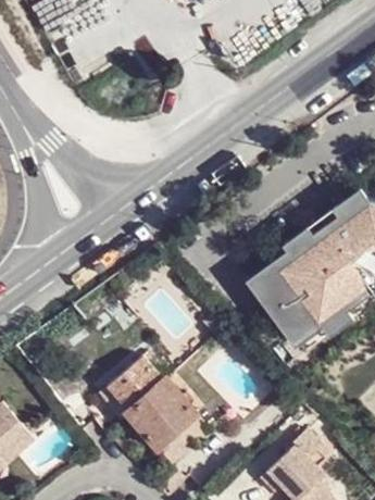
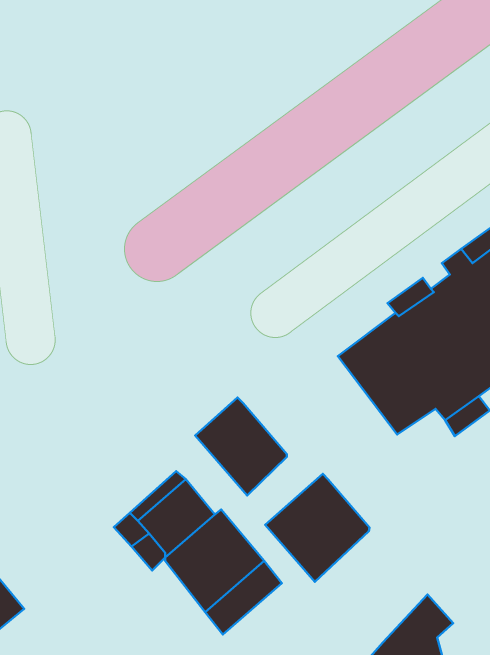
building: none -> [195,397,287,496]
building: none -> [265,474,370,582]

